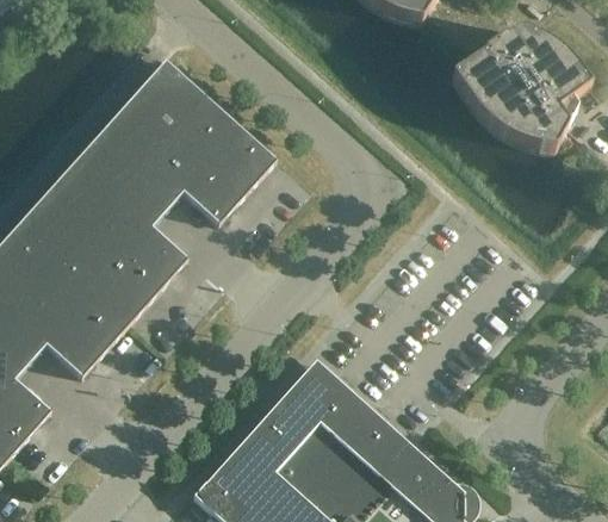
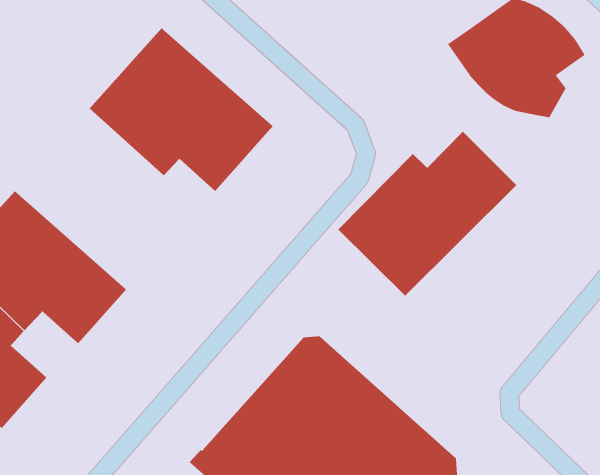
building: [18,142,187,323] -> none
building: none -> [338,131,517,297]

